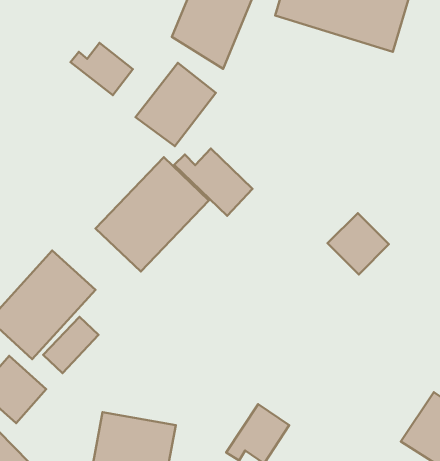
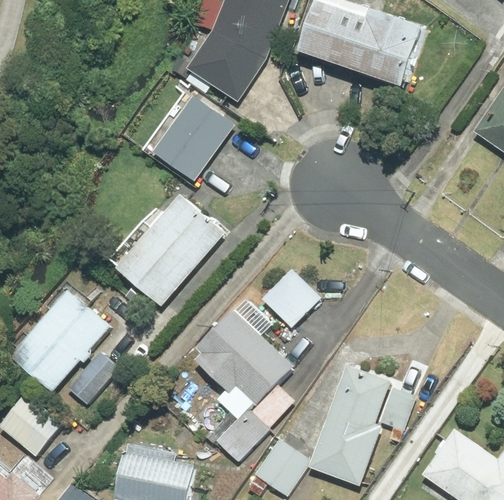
building: [70,43,133,95] -> none
building: [174,148,253,216] -> none
building: [328,213,389,274] -> [260,269,321,330]
building: none -> [190,305,298,465]
building: none -> [310,363,415,485]

